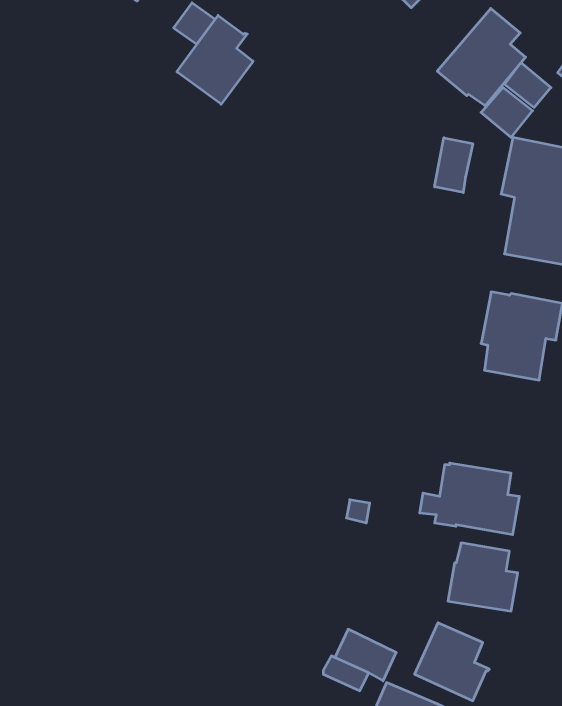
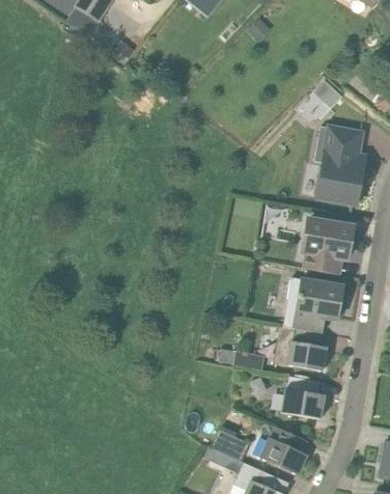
building: [437,8,526,106] -> none
building: [177,15,253,104] -> none
building: [435,138,473,193] -> none
building: none -> [283,277,343,332]

